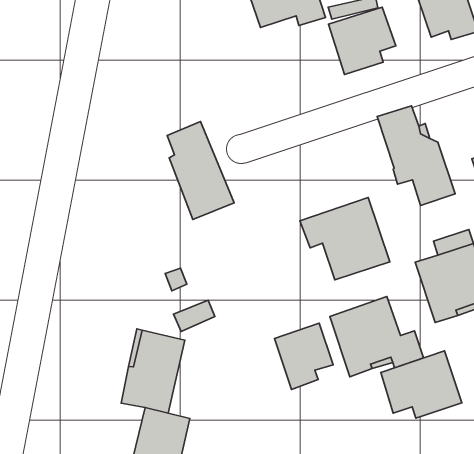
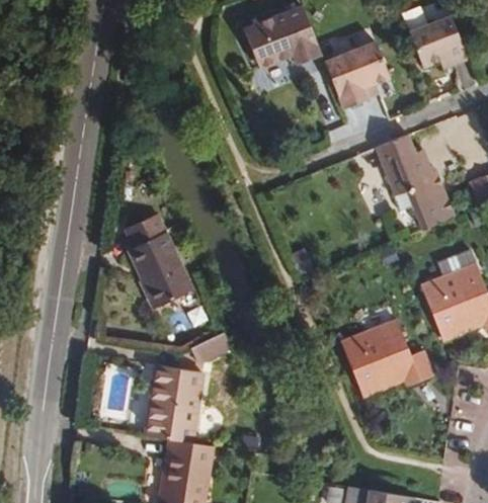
building: [167,122,234,219] -> [126,214,193,308]
building: [300,197,390,280] -> none
building: [274,323,333,389] -> none
building: [381,351,462,418] -> none

